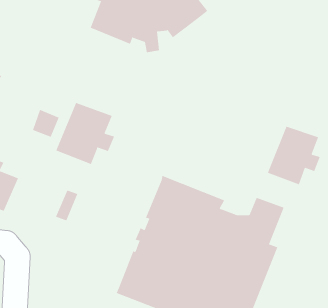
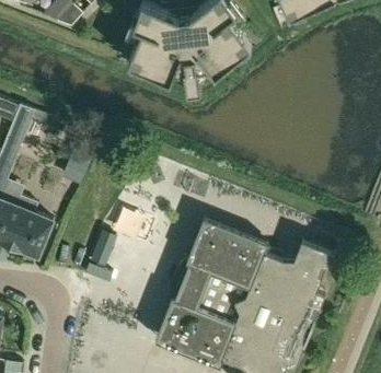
building: [55,102,115,165] -> none
building: [267,126,321,185] -> none

